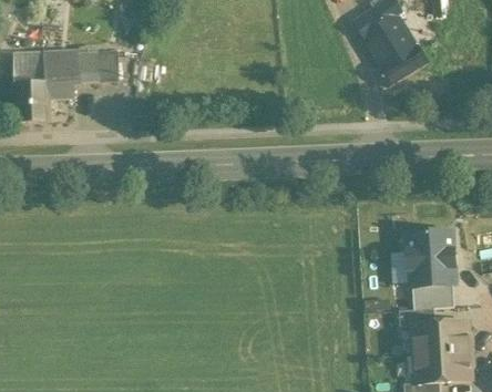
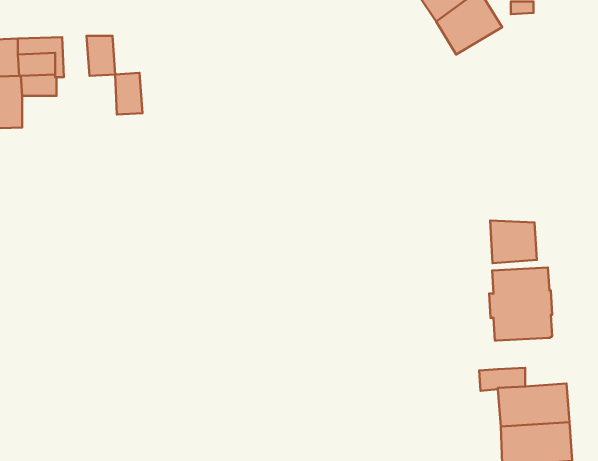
building: [377,43,428,84] -> none
building: [76,51,98,83] -> [115,73,143,114]
building: none -> [490,221,537,263]
building: [412,285,454,309] -> none

